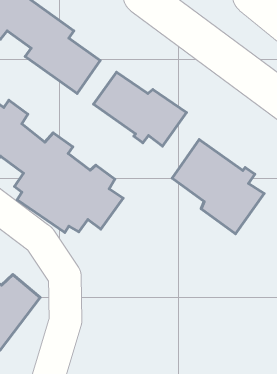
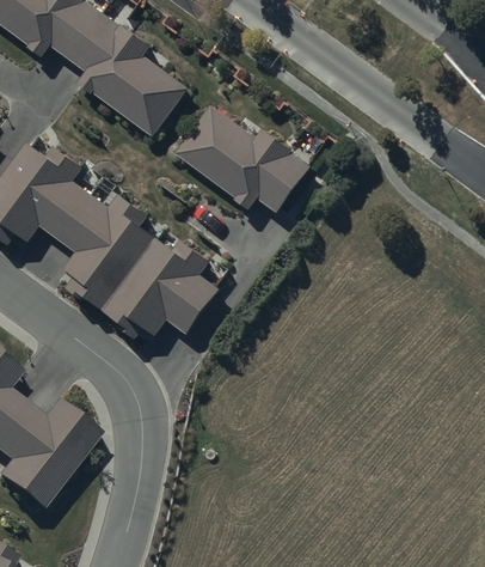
building: [172,139,264,234] -> none

